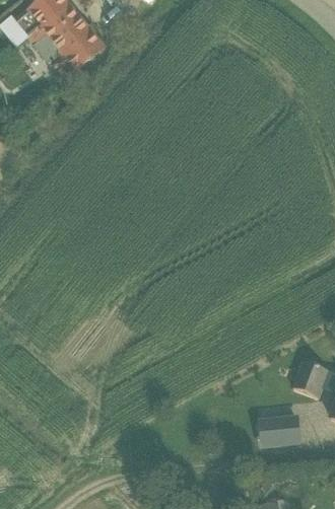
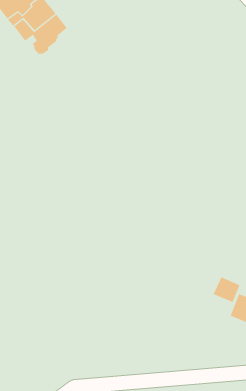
building: none -> [213,277,240,303]
building: [261,417,299,444] -> none

